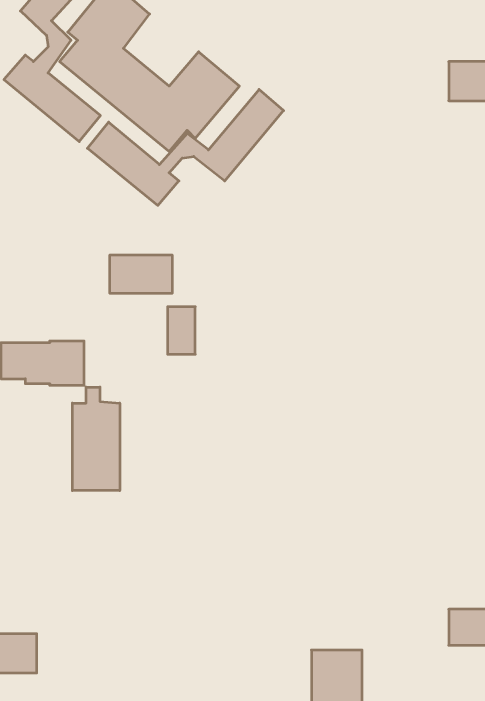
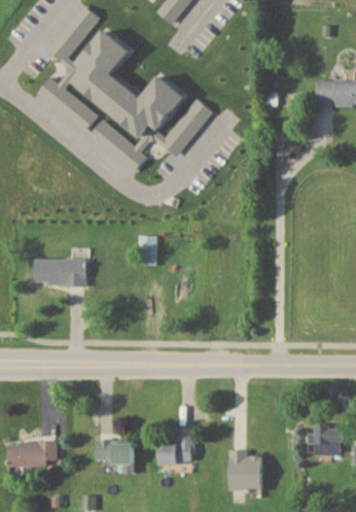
building: [110,255,172,293] -> none
building: [72,387,120,491] -> none
building: none -> [159,437,197,466]
building: none -> [97,442,134,474]

